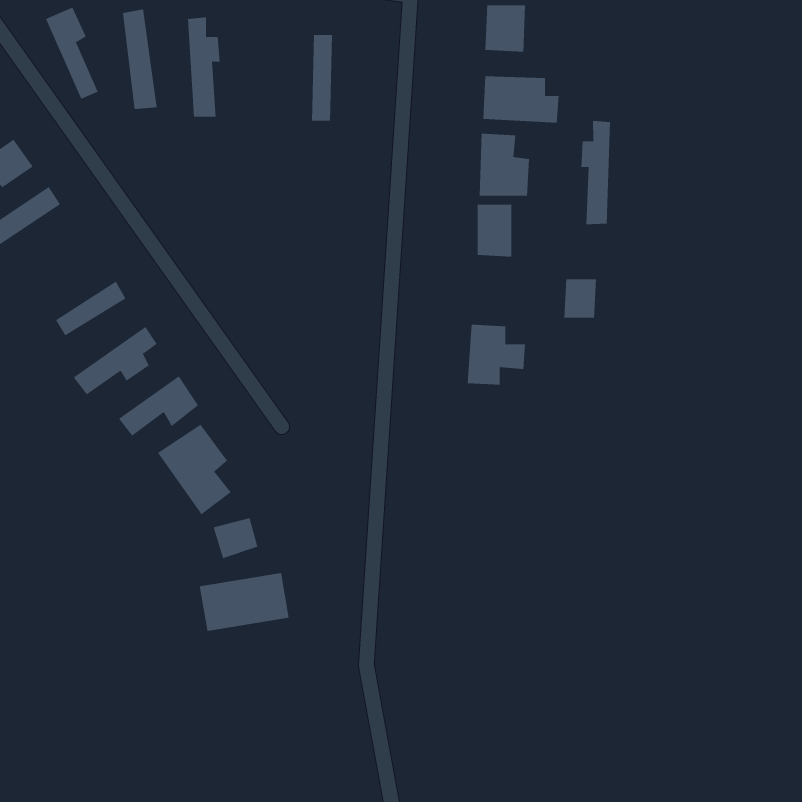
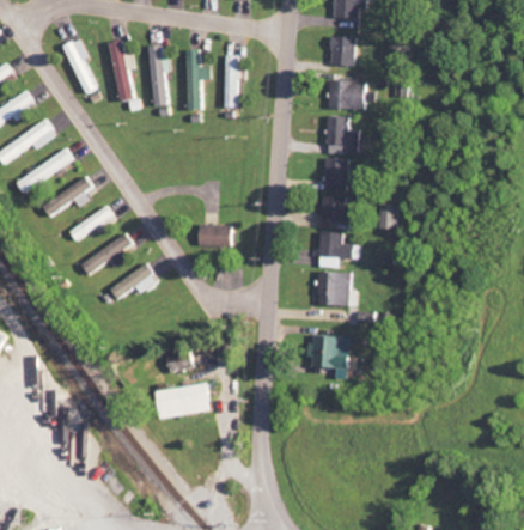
building: none -> [185,49,212,110]
building: [581,120,611,225] -> none
building: none -> [42,175,92,215]
building: none -> [323,195,353,220]
building: none -> [199,223,232,245]
building: none -> [316,270,357,305]
building: [157,424,232,515] -> none
building: none -> [309,334,351,367]

